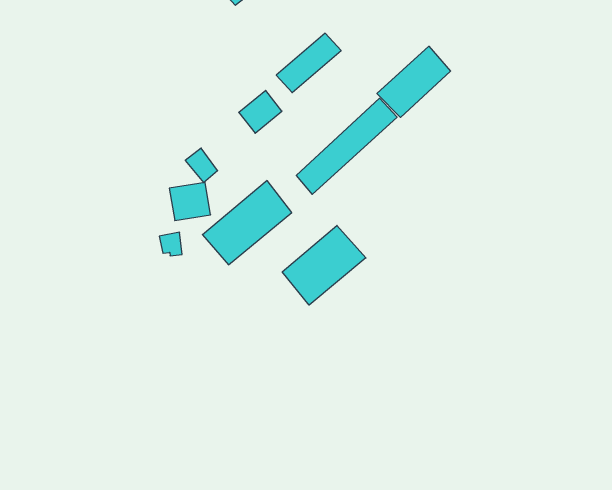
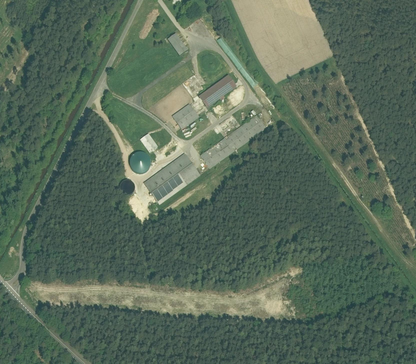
building: [377,46,451,117] -> none
building: [282,225,366,305] -> none

